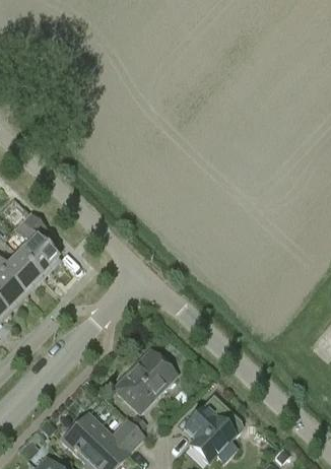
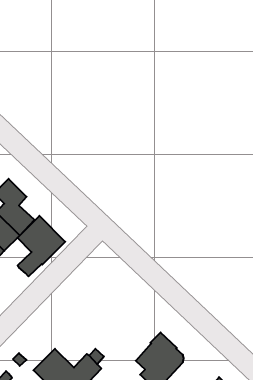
building: none -> [17,216,65,276]
building: [116,350,174,411] -> none

